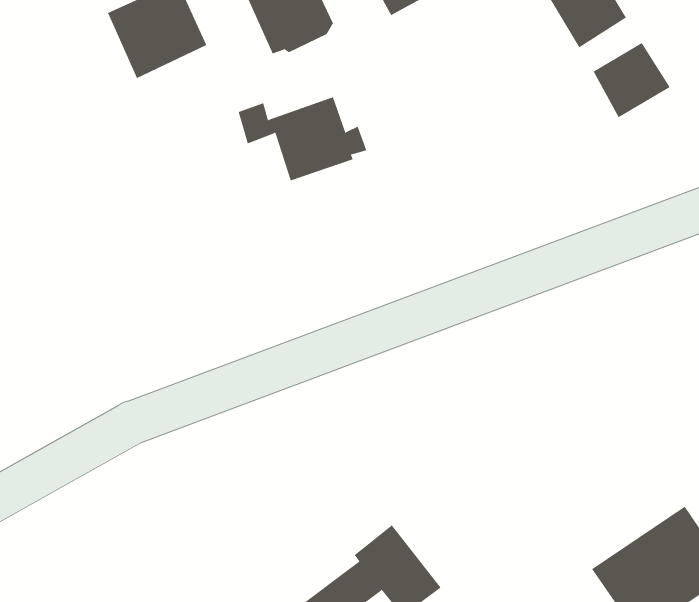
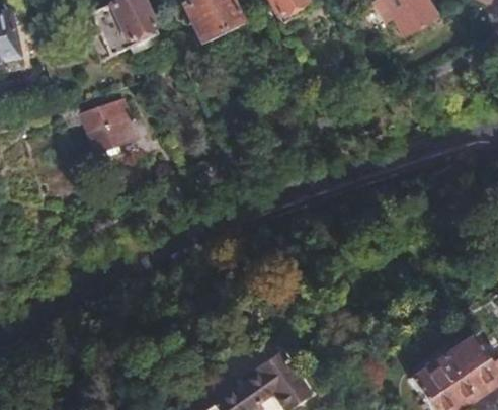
building: [593,42,670,118] -> none
building: [238,96,367,181] -> [65,97,150,153]

